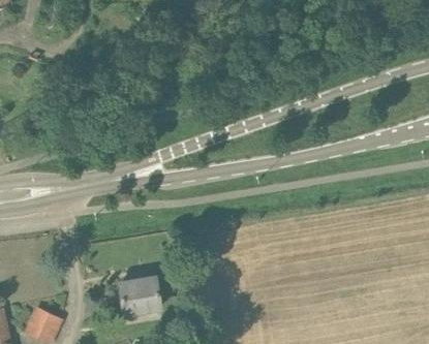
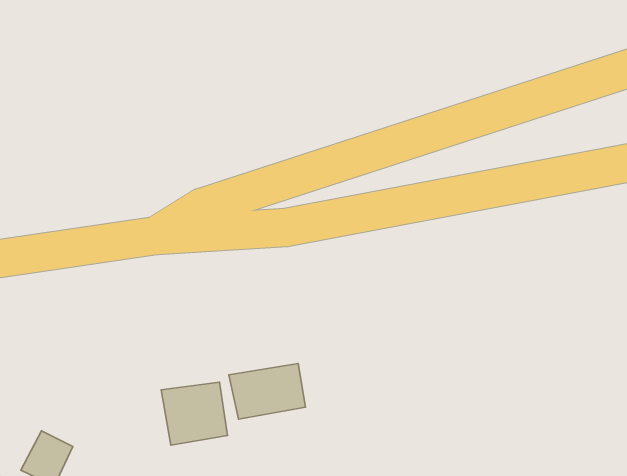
building: none -> [229,363,305,419]

